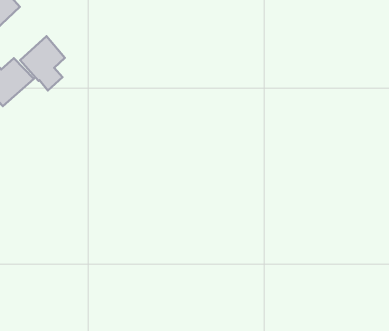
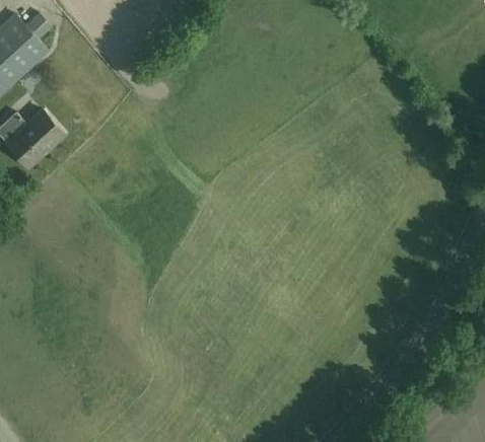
building: [20,36,65,90] -> none

